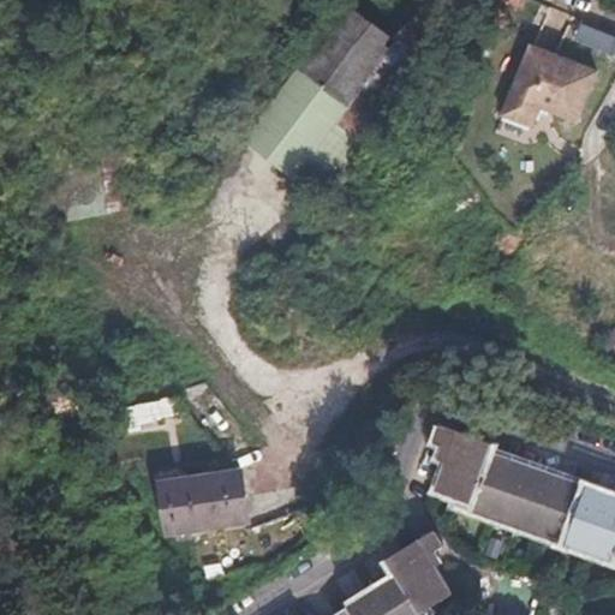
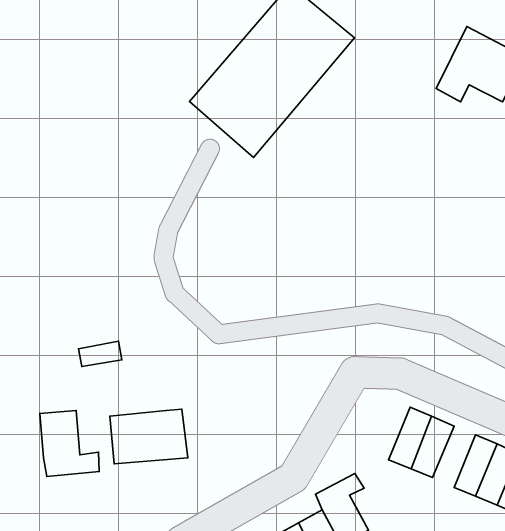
building: [436,425,495,506] -> none
building: [520,472,565,539] -> none
building: none -> [40,411,99,477]

